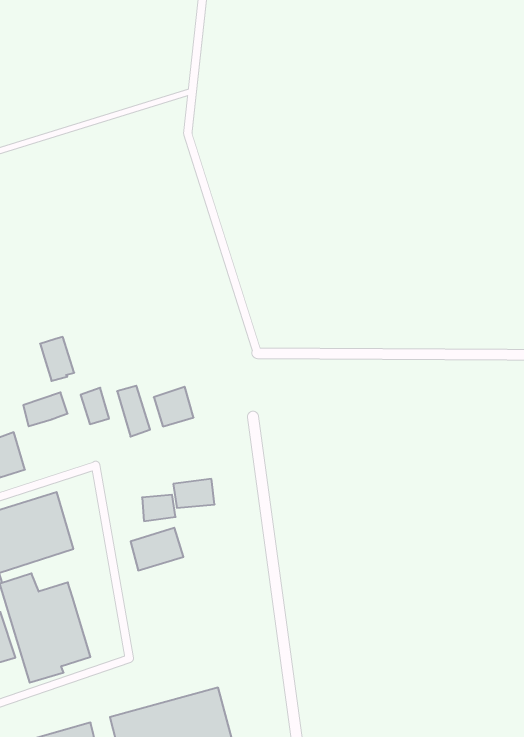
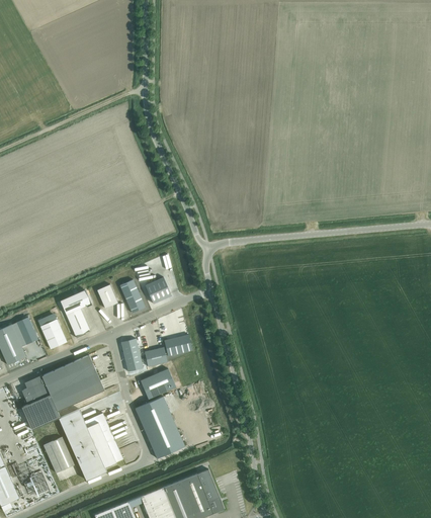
building: [40,337,74,381] -> [66,308,90,337]
building: none -> [121,338,143,371]
building: none -> [136,396,185,458]

